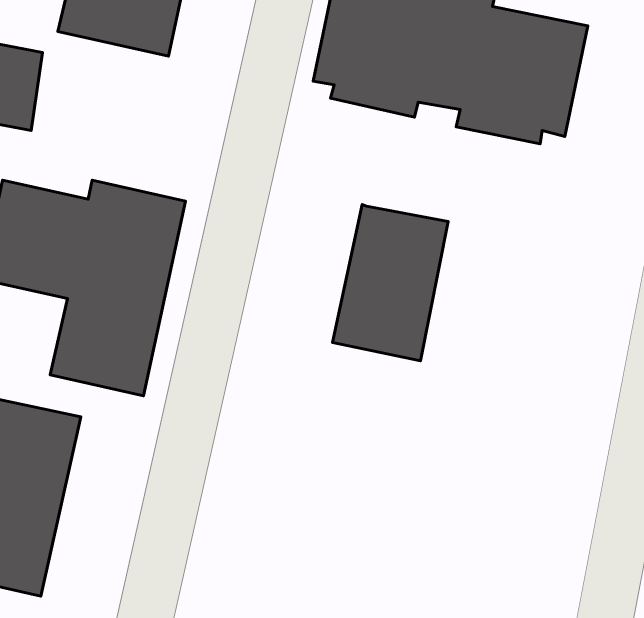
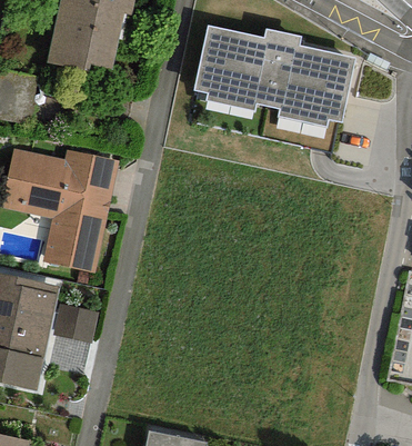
building: [332,204,448,361] -> none
building: none -> [52,304,98,344]

